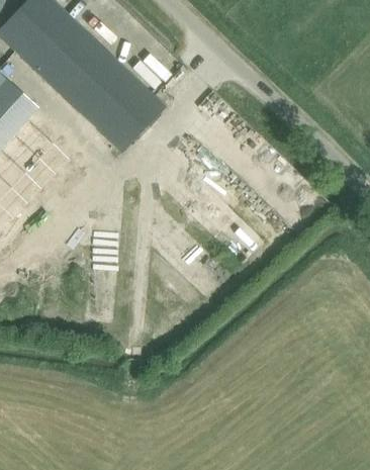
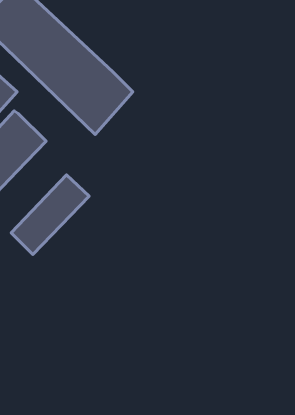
building: none -> [11,175,89,254]

